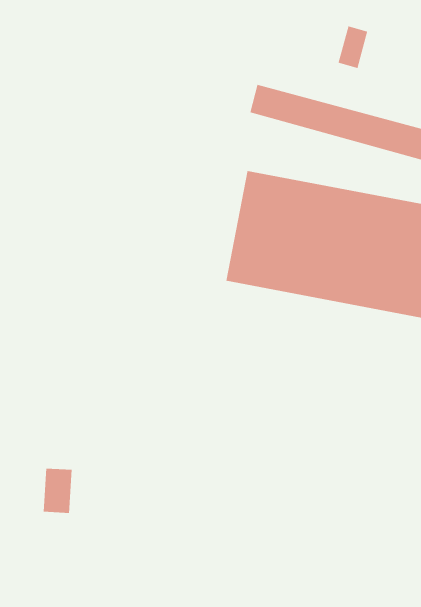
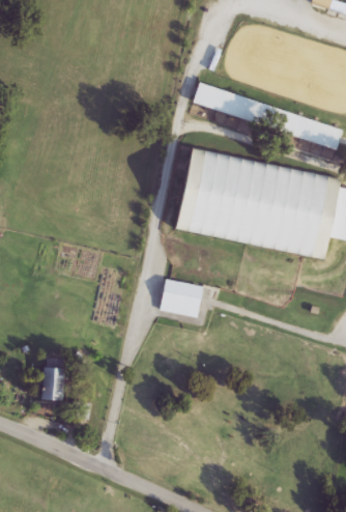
building: [338,26,368,69] -> none
building: none -> [161,280,201,314]

